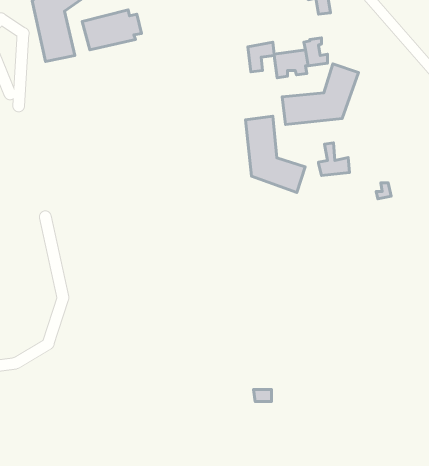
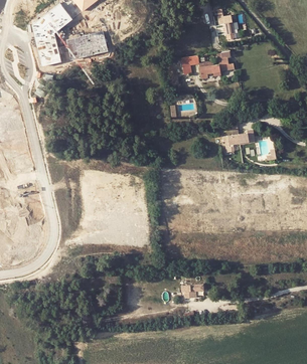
building: [282,64,358,124] -> none
building: [246,116,305,192] -> none

